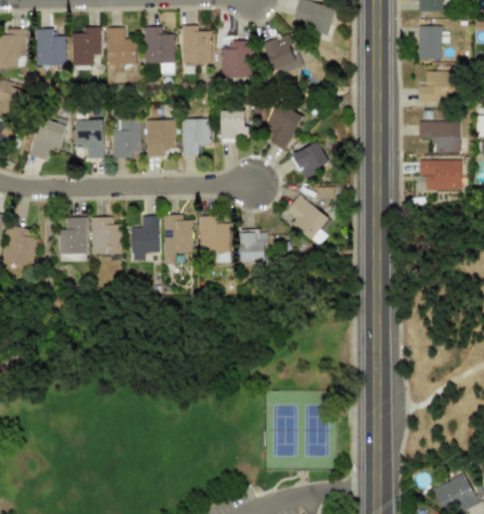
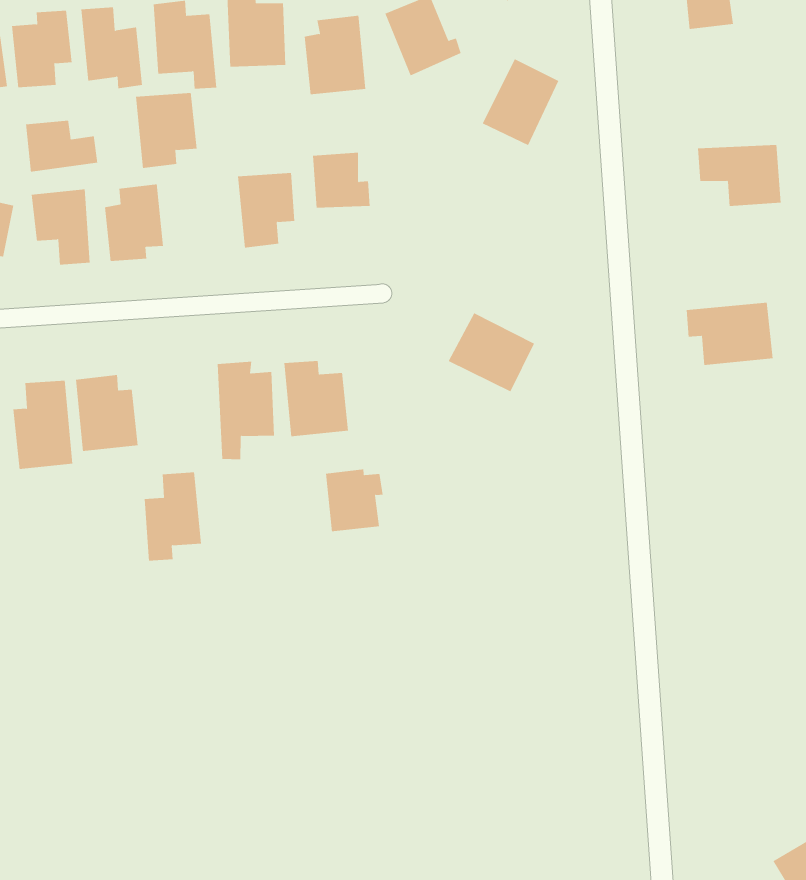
building: [419,70,458,100] -> none
building: none -> [25,120,98,172]
building: [261,103,302,149] -> [482,59,559,146]
building: [146,119,176,157] -> [135,93,198,168]
building: [292,142,330,178] -> none
building: [419,160,462,190] -> [686,302,773,365]
building: [132,215,160,259] -> [144,472,202,561]
building: [239,230,268,261] -> [325,469,384,532]

